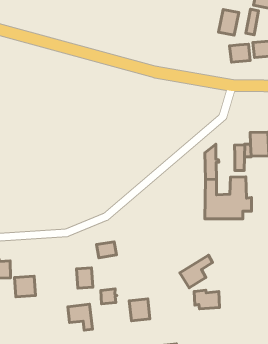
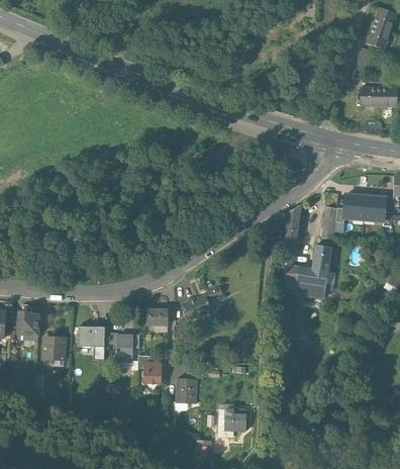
building: [219,10,239,35] -> none
building: [230,44,250,62] -> none
building: [180,255,213,288] -> [182,284,222,320]
building: [194,290,220,309] -> [217,410,247,433]
building: [68,304,92,330] -> [78,326,104,357]

